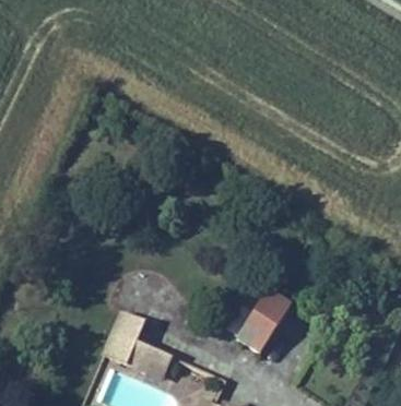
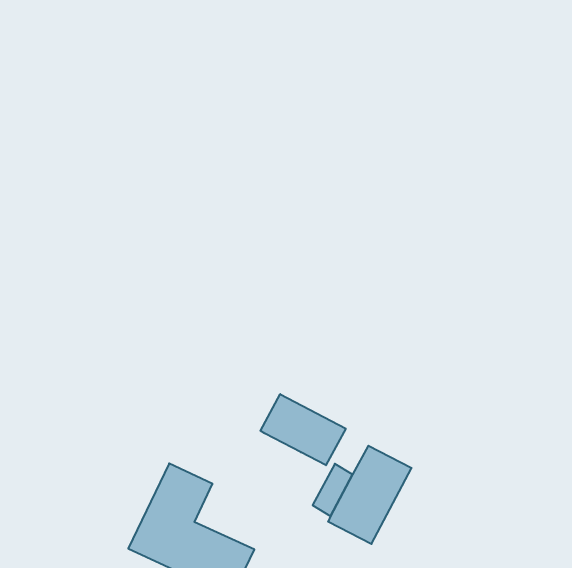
building: none -> [260,394,346,465]

